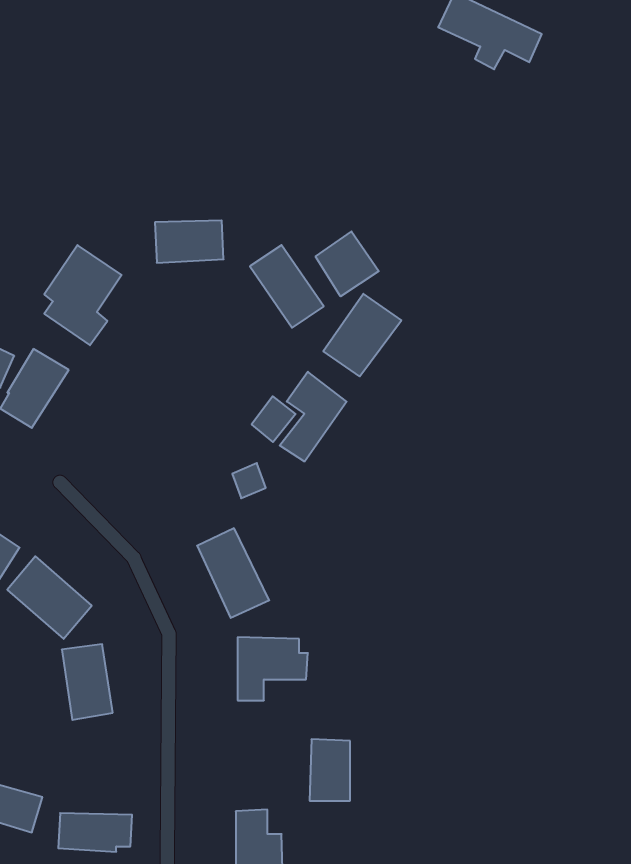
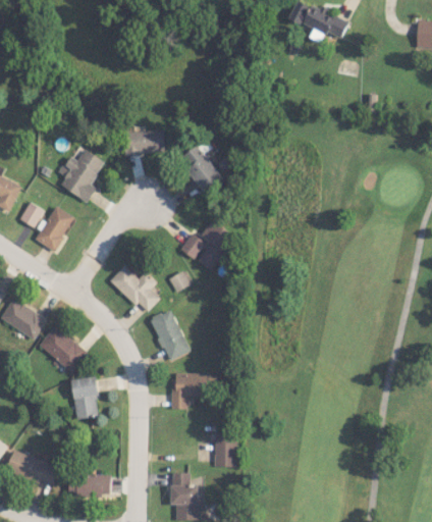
building: [316,231,379,296] -> none
building: [323,294,401,376] -> none
building: none -> [110,265,160,314]

